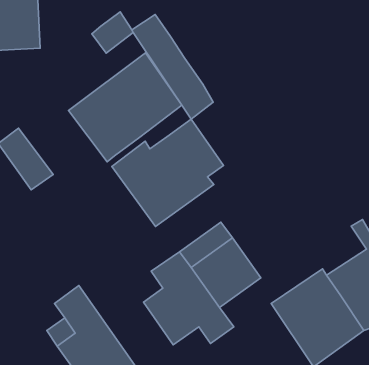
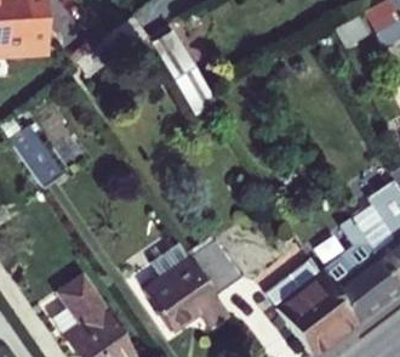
building: [69,53,182,162] -> none
building: [112,119,224,227] -> none

